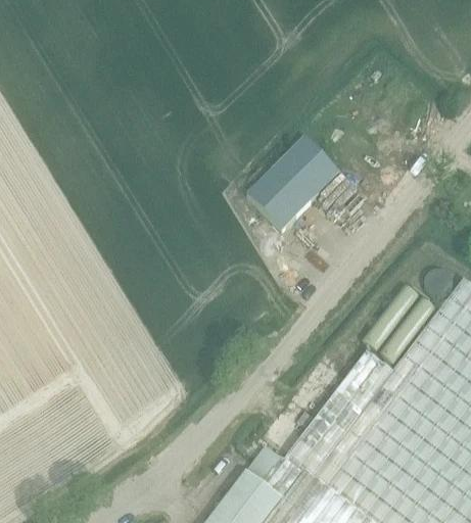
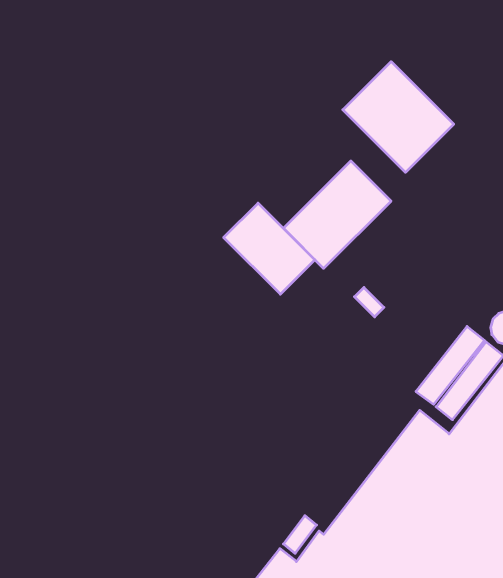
building: none -> [343,62,454,172]
building: none -> [224,203,315,294]

